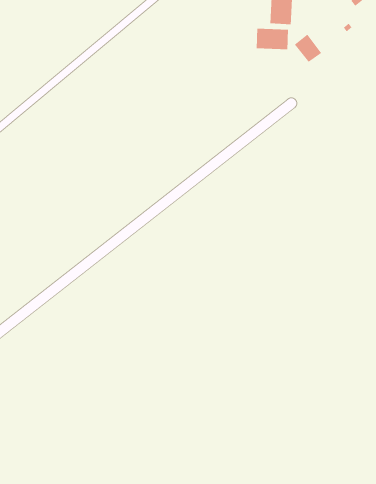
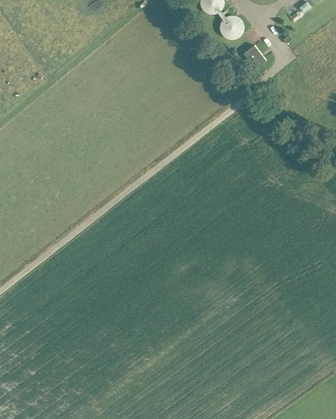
building: [256,28,289,50] -> none

